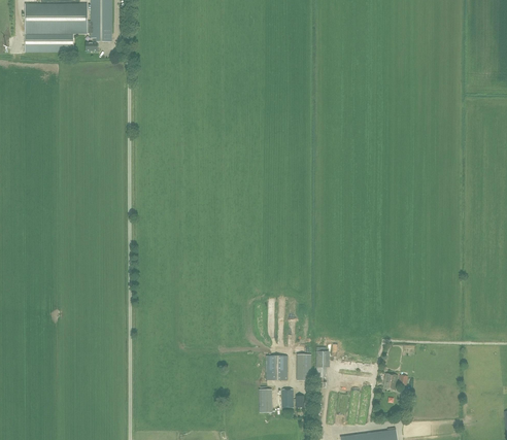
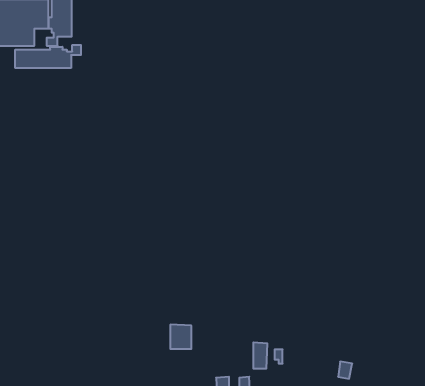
building: none -> [15,45,81,68]
building: [266,353,288,378] -> [170,325,191,349]

